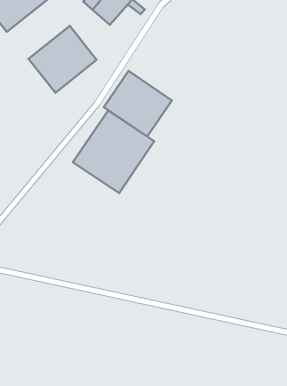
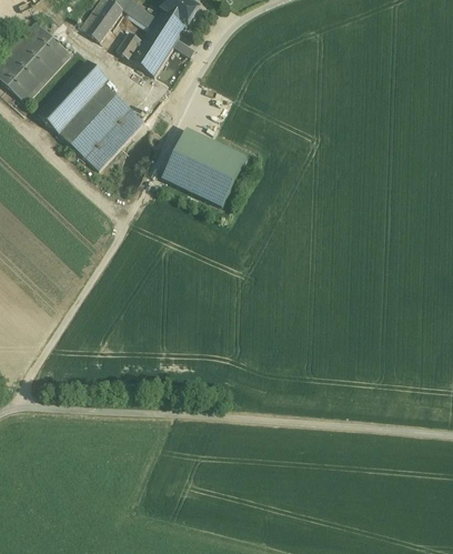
building: none -> [38,59,109,132]
building: [73,110,154,193] -> none

